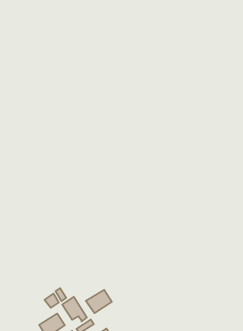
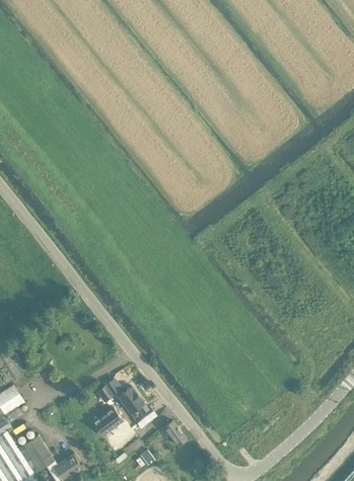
building: [86,290,112,313] -> none

